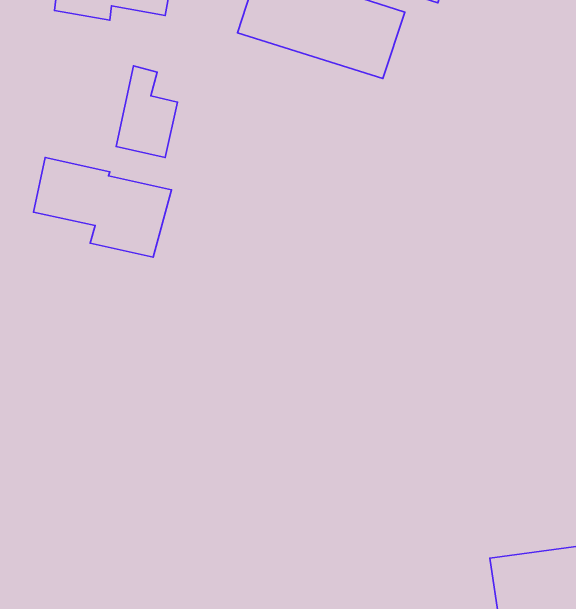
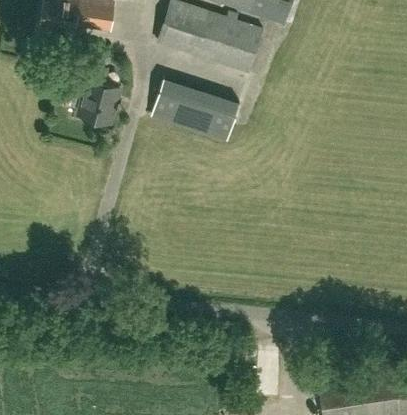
building: none -> [145,72,235,136]
building: [34,157,172,257] -> none

